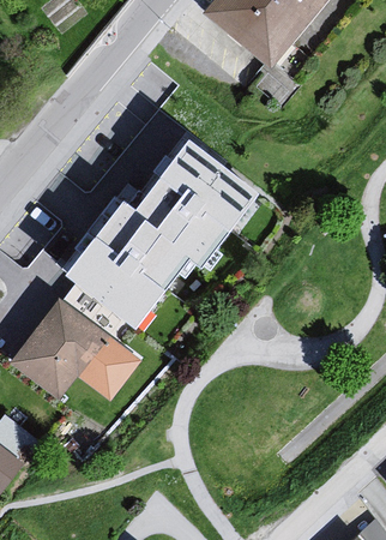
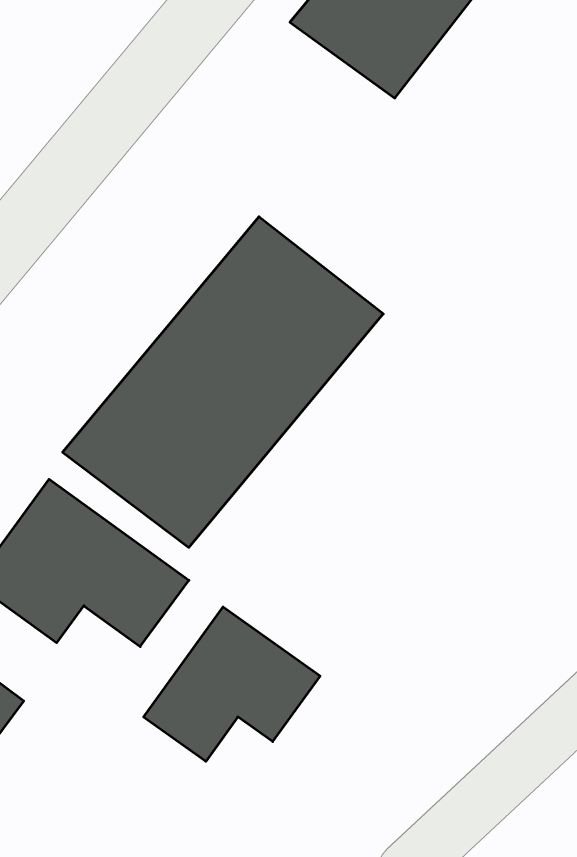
building: none -> [144,607,320,761]

